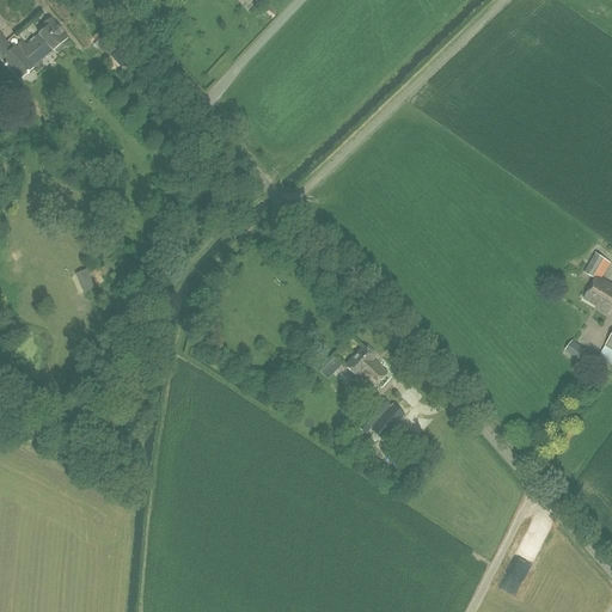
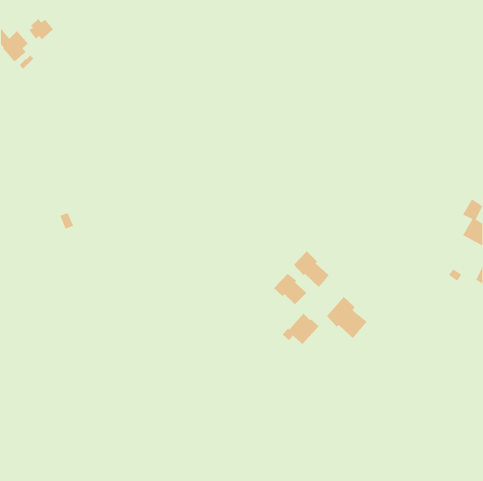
building: none -> [293,251,330,288]
building: none -> [326,296,367,339]

